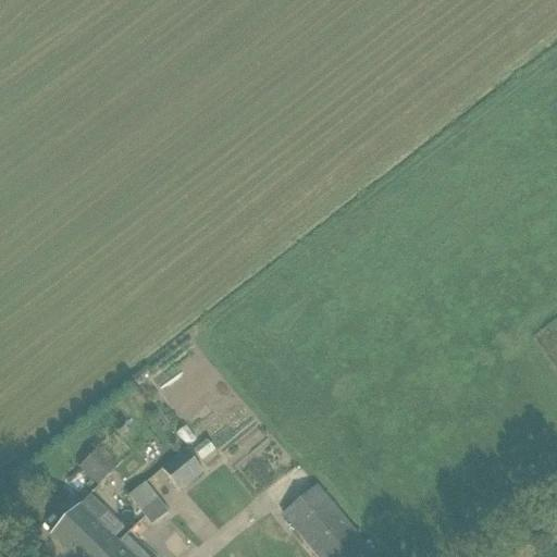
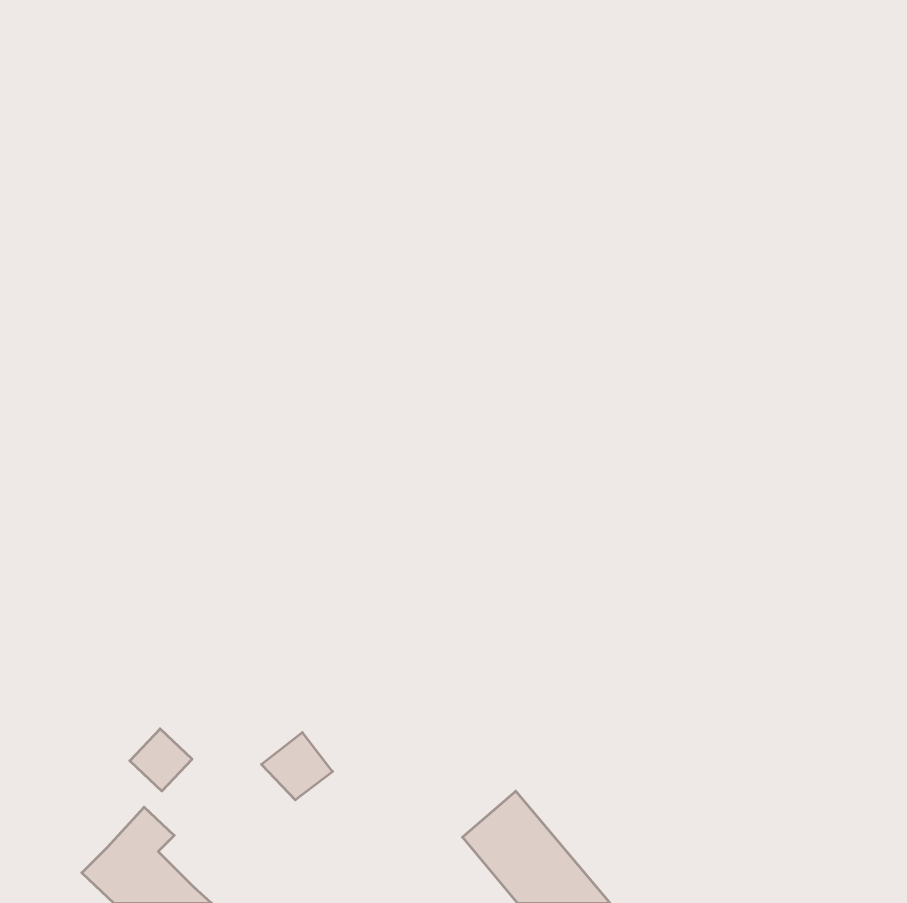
building: [128,482,169,524] -> none

